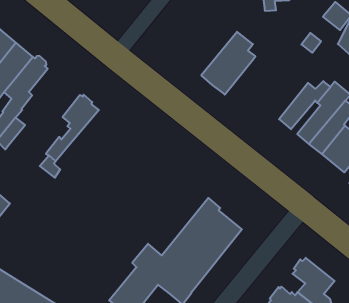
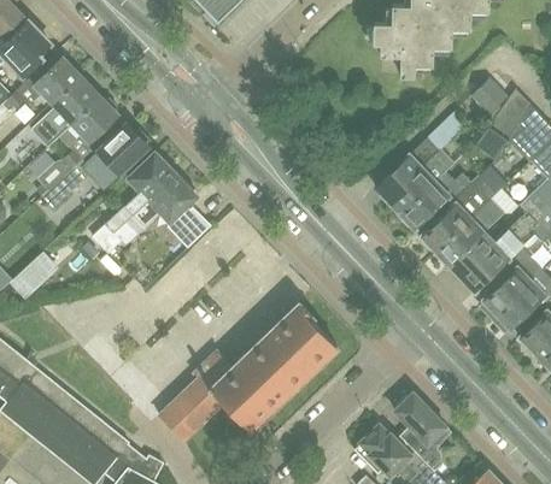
building: [201,32,255,95] -> [375,138,446,216]
building: none -> [83,125,151,190]
building: none -> [133,176,197,225]
building: none -> [171,208,210,247]

